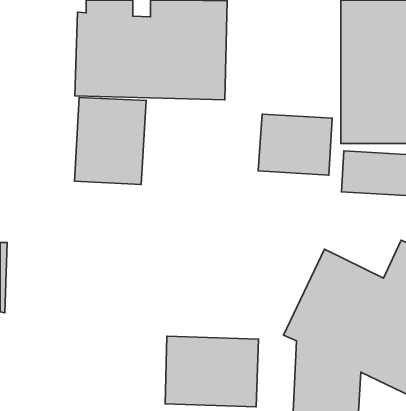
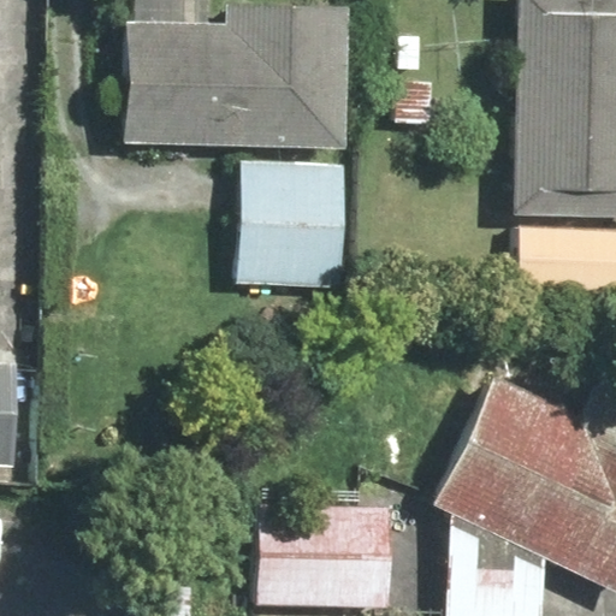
building: [74,97,146,184] -> [238,160,345,290]
building: [258,114,332,175] -> none

